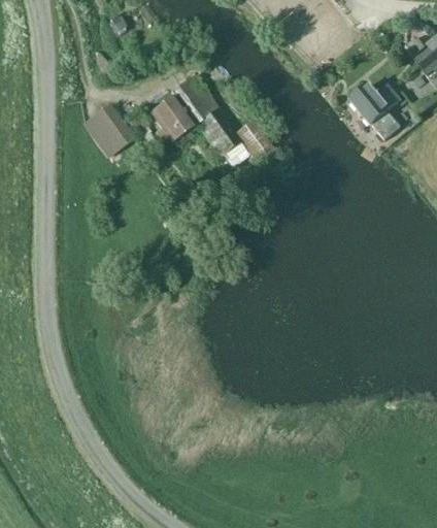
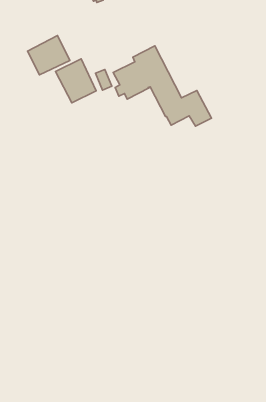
building: none -> [27,36,70,75]

